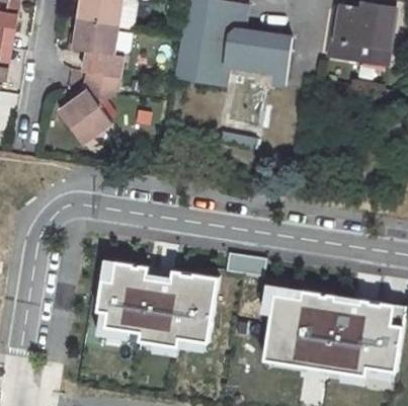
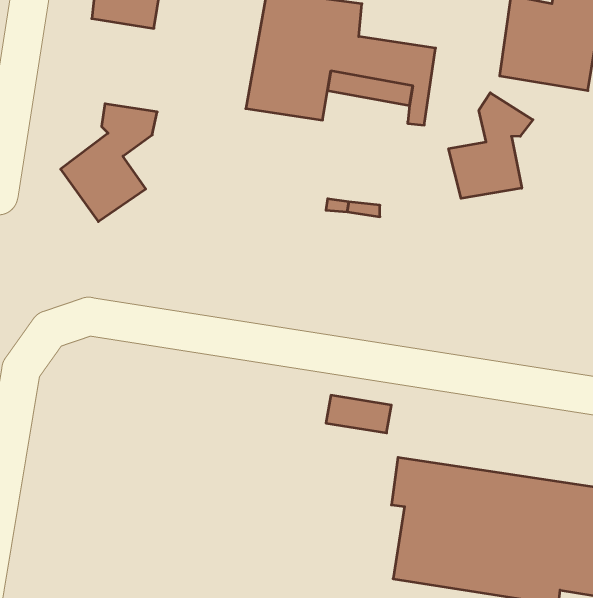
building: [74,18,123,76] -> none
building: none -> [449,93,533,198]
building: [97,258,218,355] -> none

